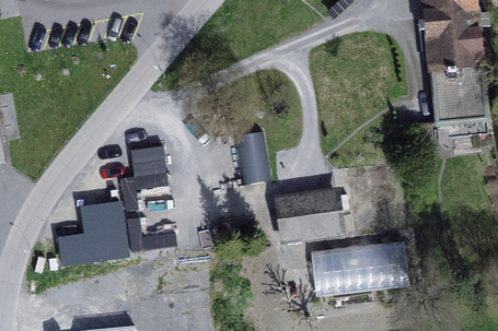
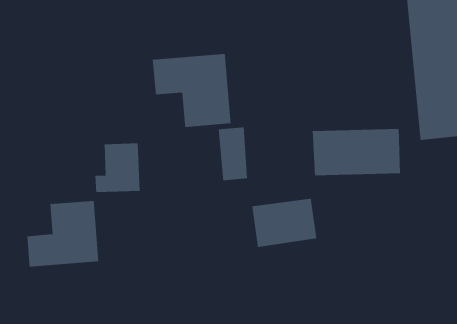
building: none -> [152,53,231,128]
building: [316,239,401,284] -> [312,129,401,176]

